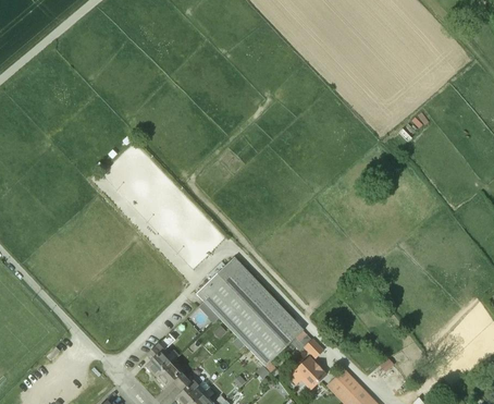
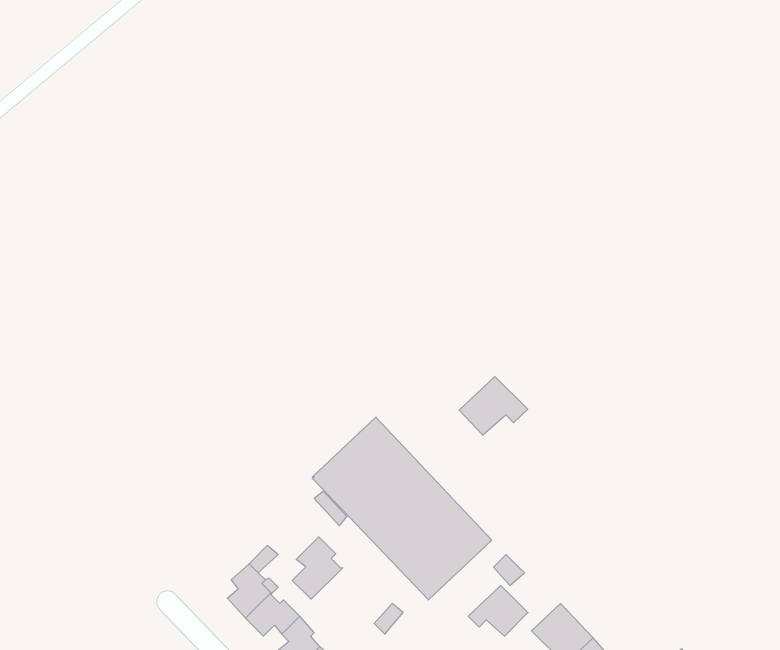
building: none -> [459,377,528,435]
building: none -> [292,537,343,599]

